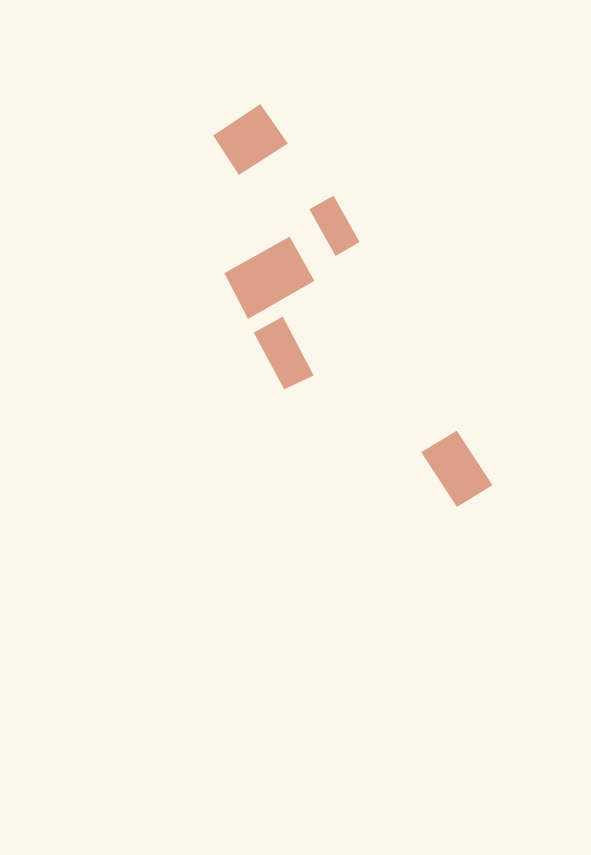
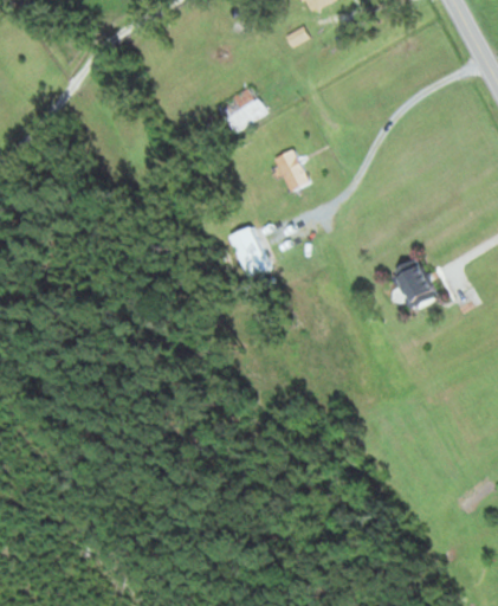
building: [223,236,315,320] -> none
building: [420,430,494,508] -> [392,259,439,311]

